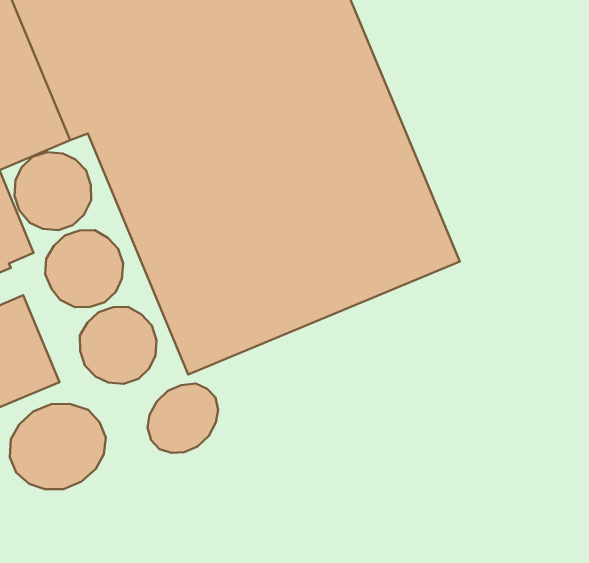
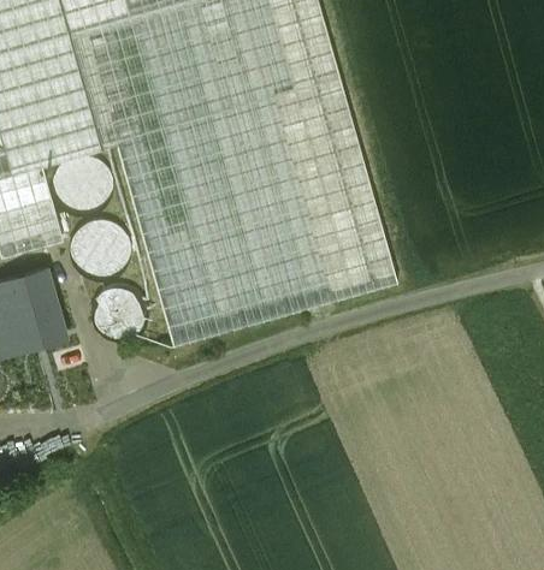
building: [147,384,218,453] -> none
building: [10,404,106,489] -> none

